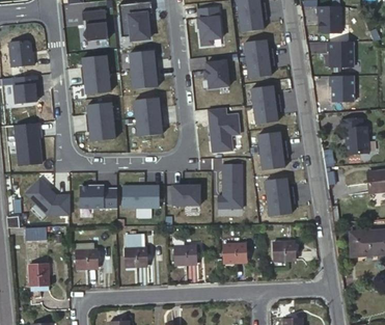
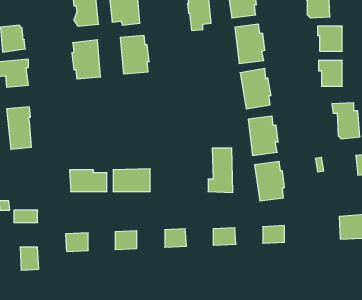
building: [204,60,229,88] -> none
building: [134,98,164,137] -> none
building: [86,103,115,141] -> none
building: [208,107,240,152] -> none
building: [26,180,70,216] -> none
building: [172,185,200,206] -> none

